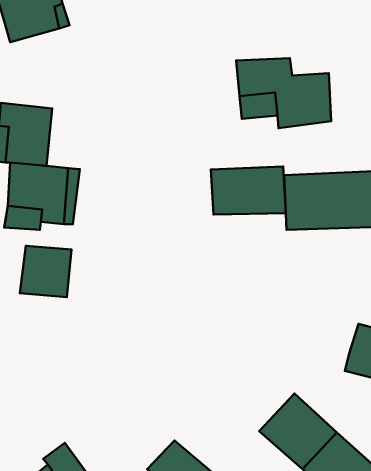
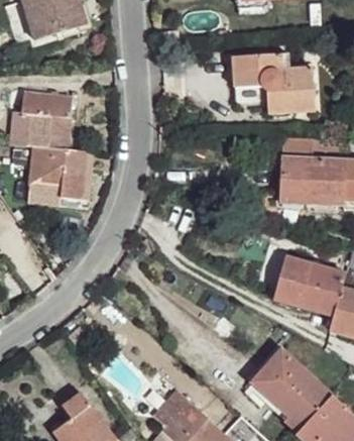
building: [211,166,286,215] -> none
building: [20,246,71,297] -> none
building: none -> [274,258,345,315]

